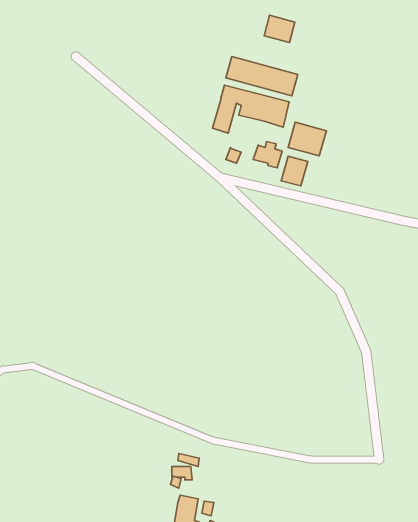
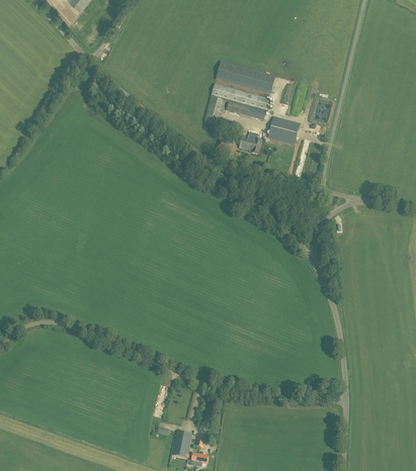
building: [264,15,295,43] -> none
building: [281,156,308,186] -> none

